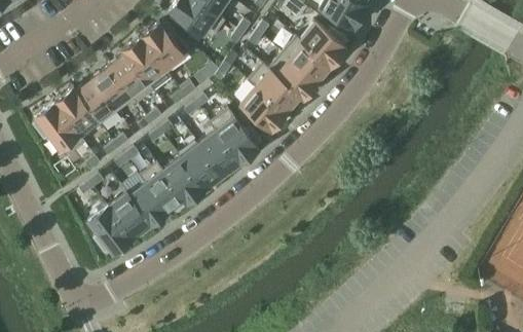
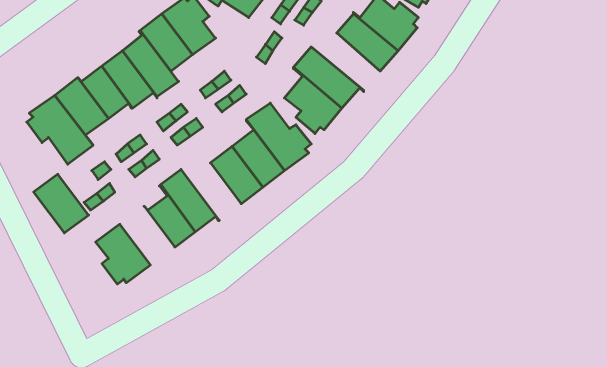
building: [262,52,317,99] -> none
building: [163,157,206,204] -> none
building: [108,192,152,239] -> [34,174,89,233]

